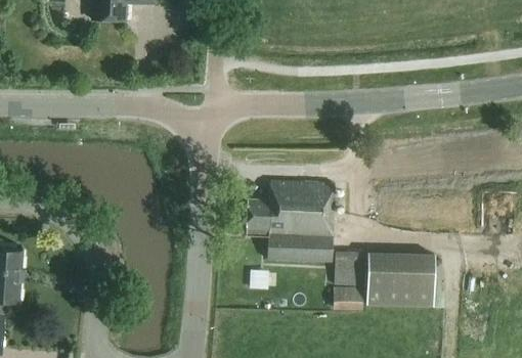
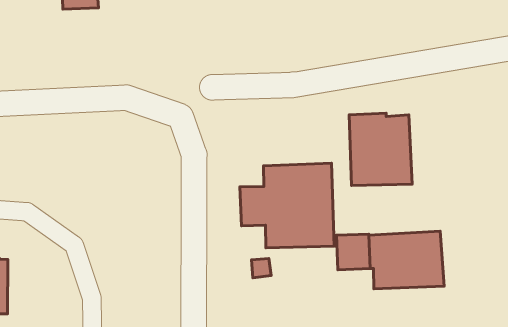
building: none -> [349,113,412,185]
building: [333,286,362,307] -> none

